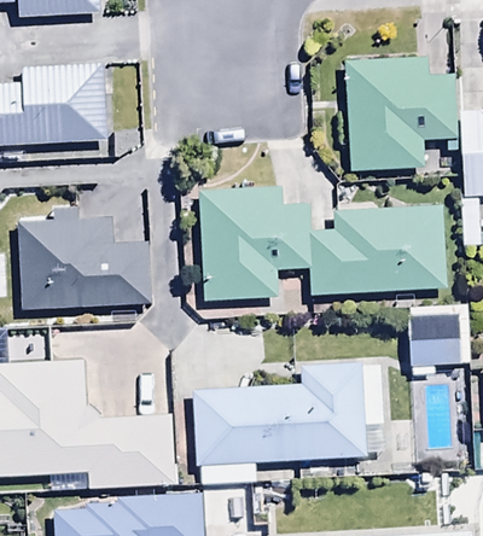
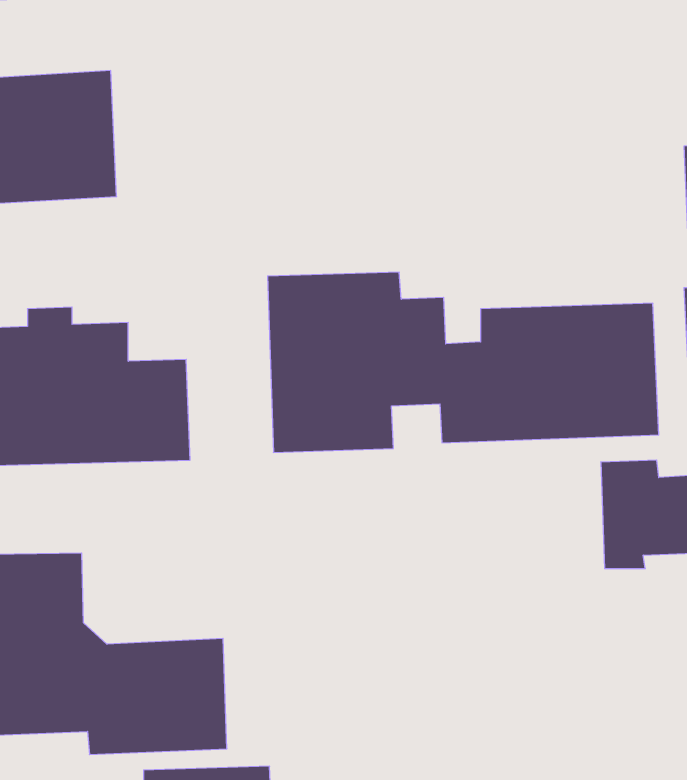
building: [348,57,456,171] -> none
building: [194,361,385,485] -> none

